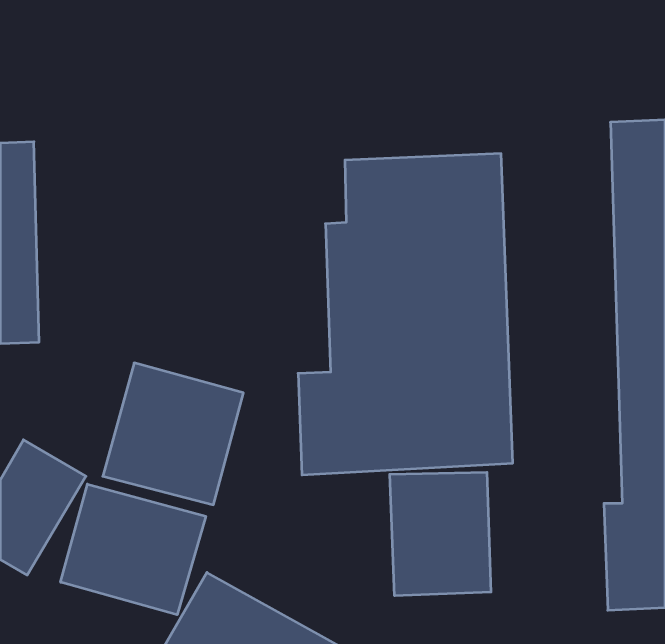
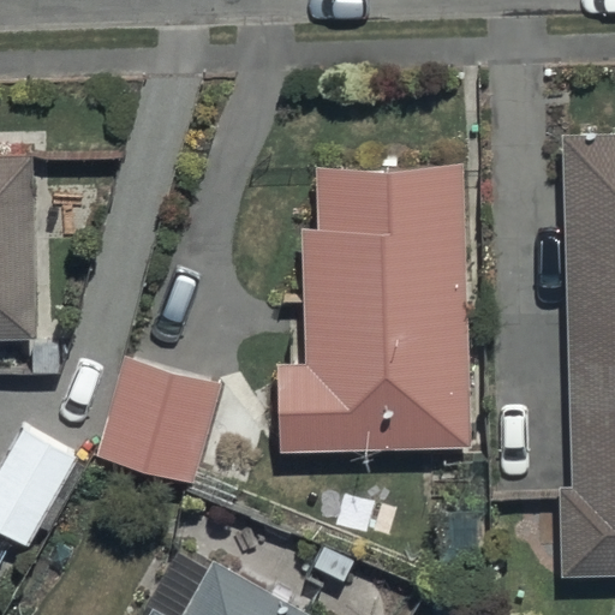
building: [390,472,491,596] -> none
building: [61,484,206,615] -> none

